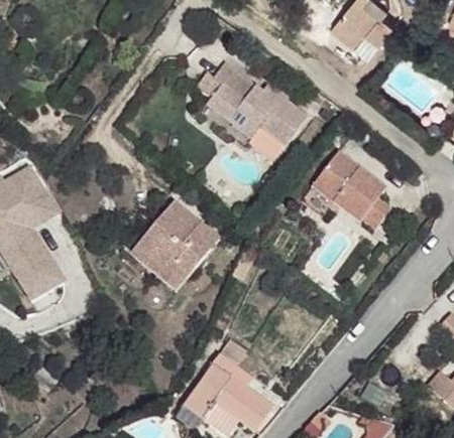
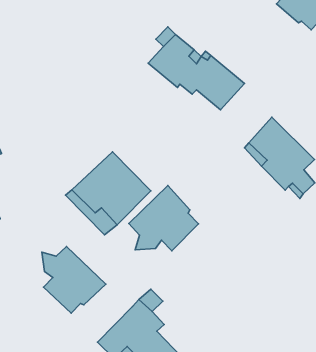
building: none -> [129,186,199,251]
building: none -> [42,246,106,313]

